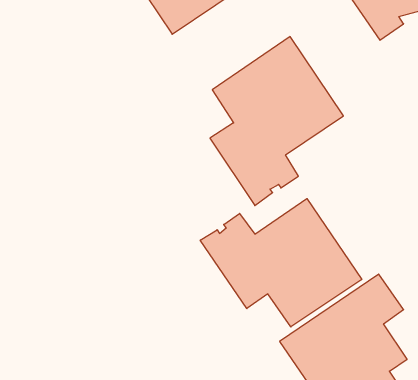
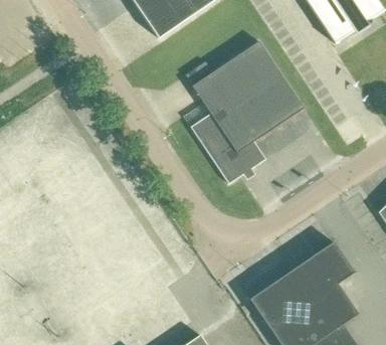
building: [200,199,362,327] -> none

